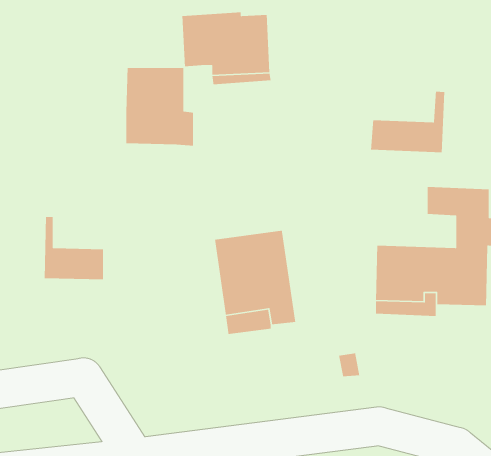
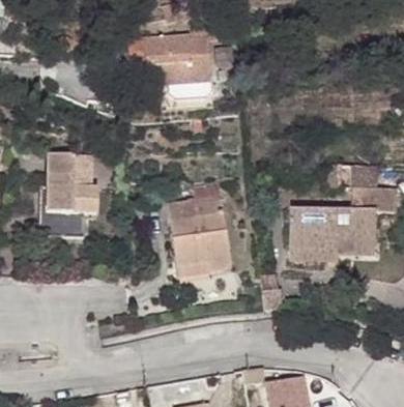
building: [126,67,194,146] -> [47,151,98,211]
building: [370,91,445,153] -> none

